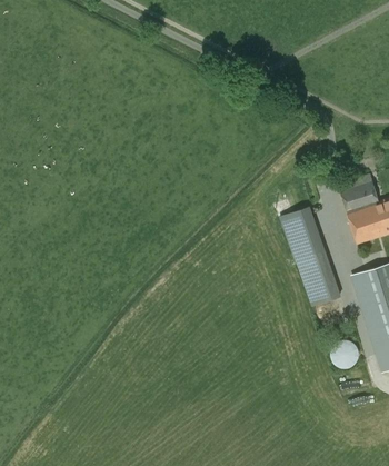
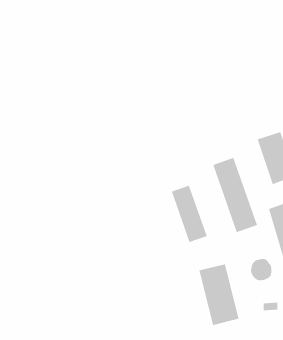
building: none -> [171,185,207,243]
building: none -> [199,263,239,326]

